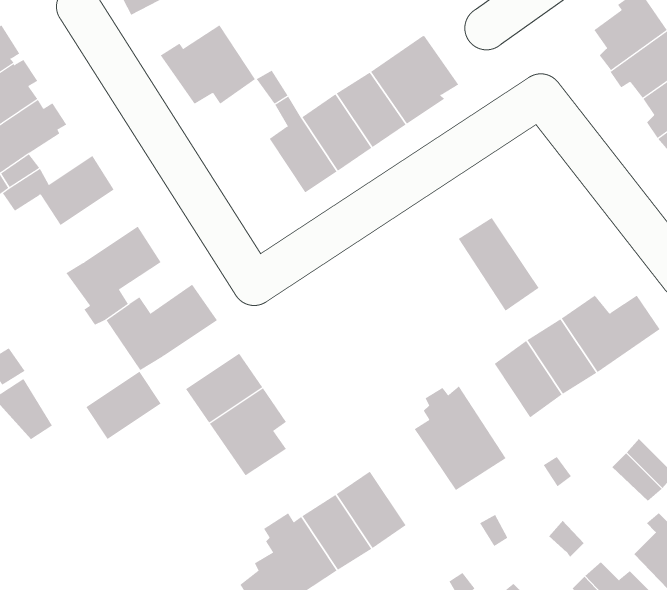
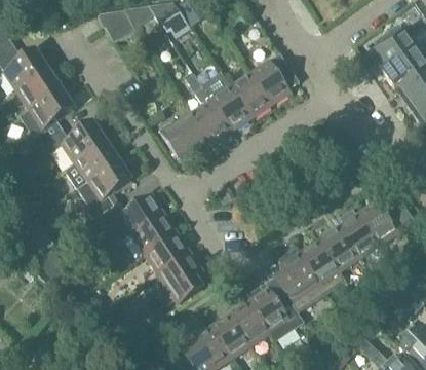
building: [160,25,256,104] -> [158,111,212,156]
building: none -> [65,140,118,187]
building: [458,217,540,311] -> [300,238,346,292]
building: [85,371,162,440] -> [132,214,176,253]
building: none -> [247,286,306,341]

